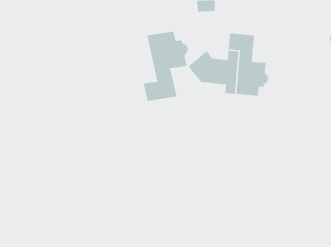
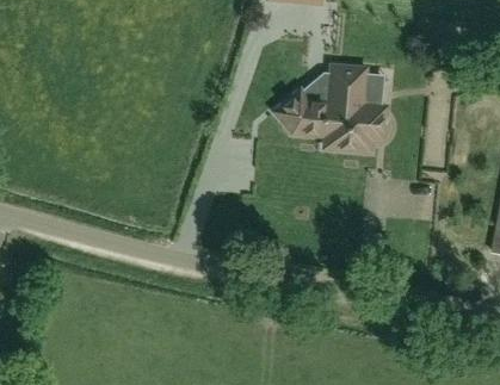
building: [143,31,189,102] -> none

